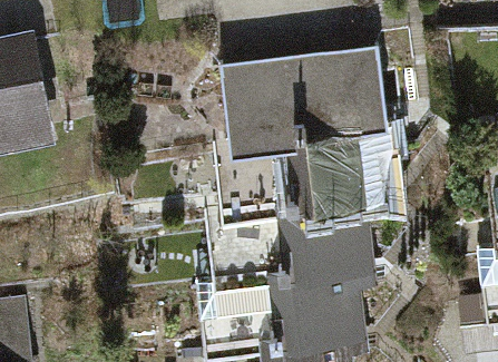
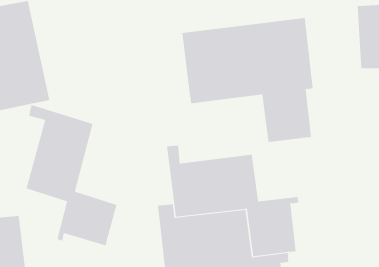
building: [214,137,378,274] -> none
building: none -> [26,104,117,246]

